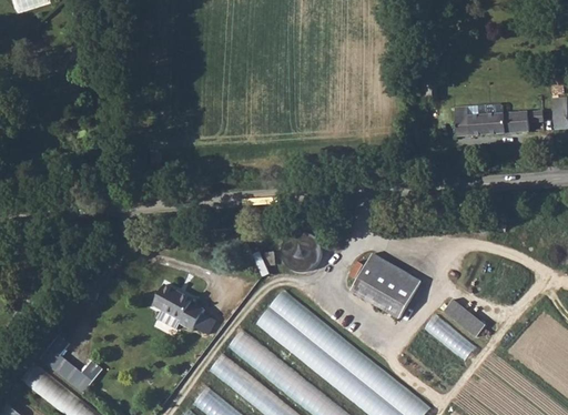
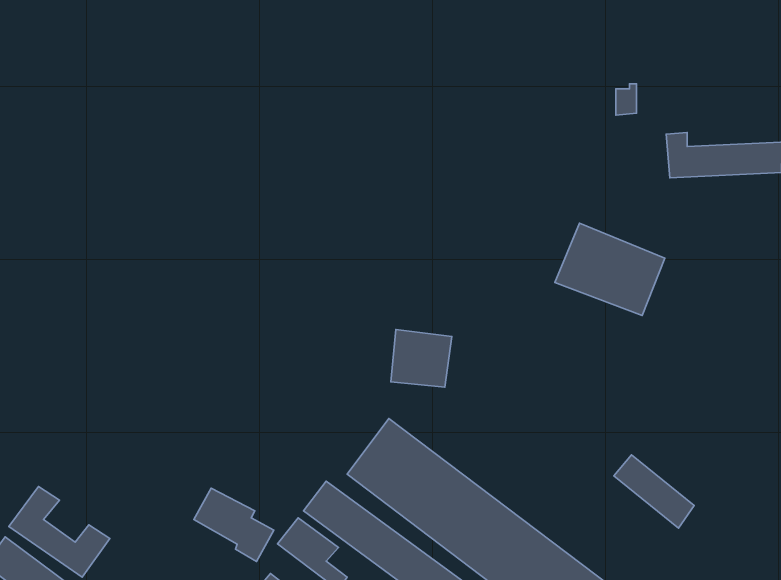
building: [354,257,424,316] -> [555,223,665,316]
building: [160,290,211,336] -> [194,488,274,561]
building: [442,297,485,335] -> none

